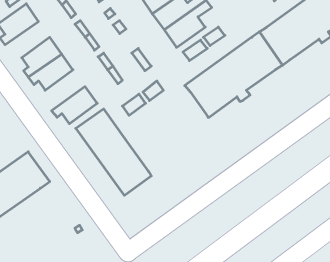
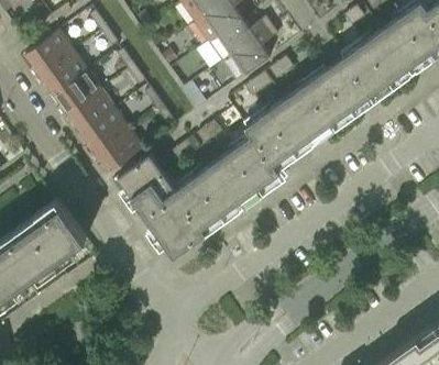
building: none -> [35,51,88,93]
building: none -> [83,108,130,156]
building: none -> [177,134,282,228]

